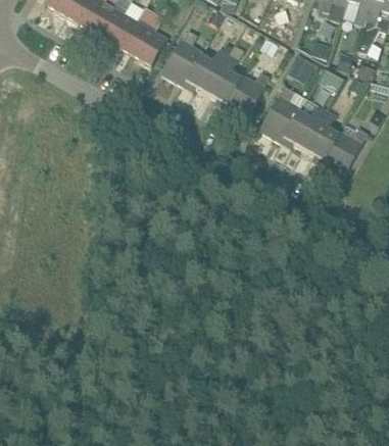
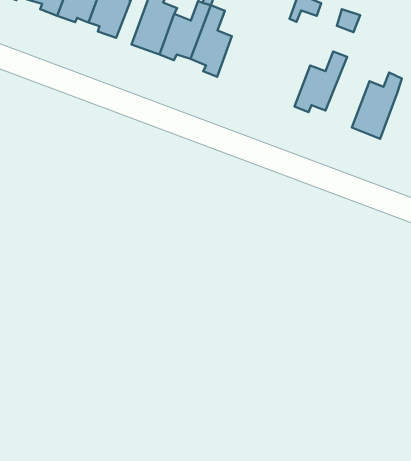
building: [224,70,269,120] -> none
building: [258,85,305,141] -> none
building: [303,109,341,164] -> none

